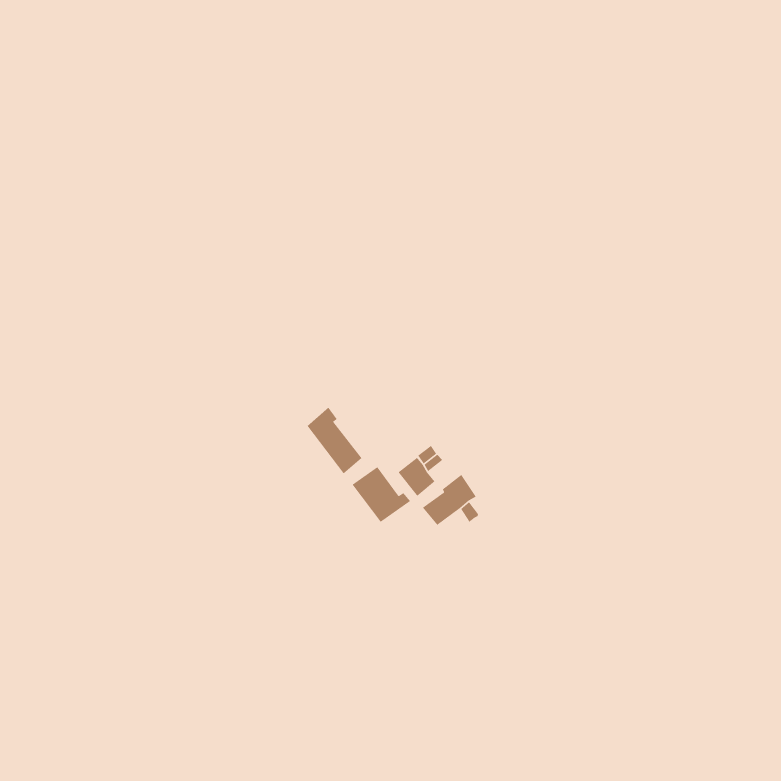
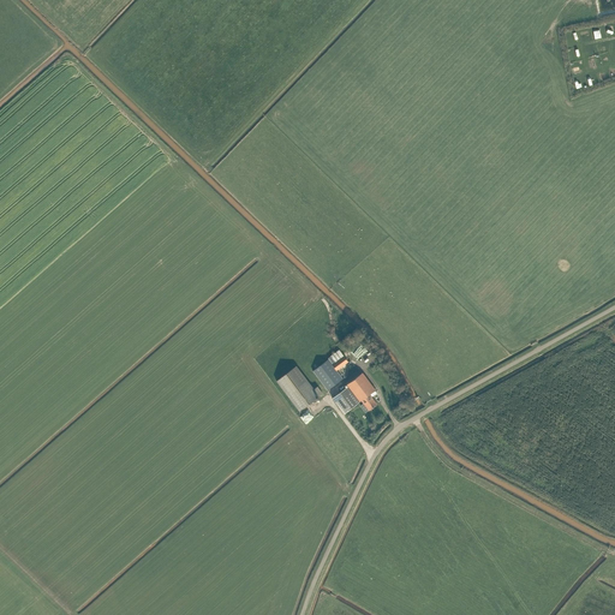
building: [306,406,362,474] -> none

